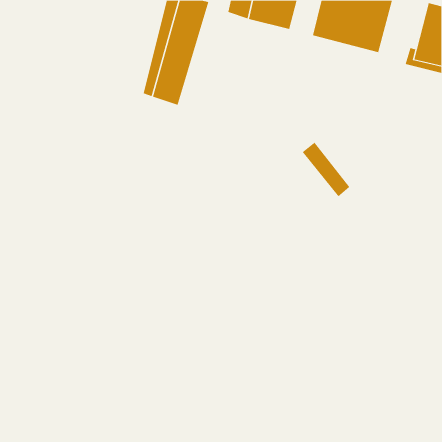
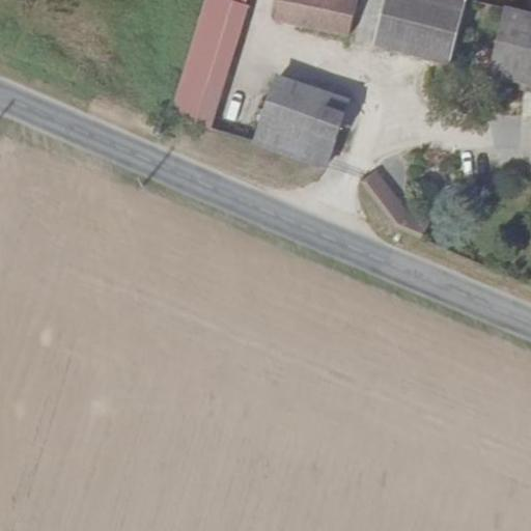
building: none -> [254,71,350,164]

